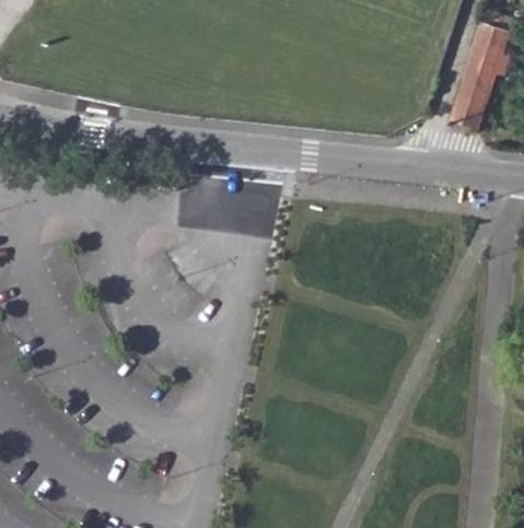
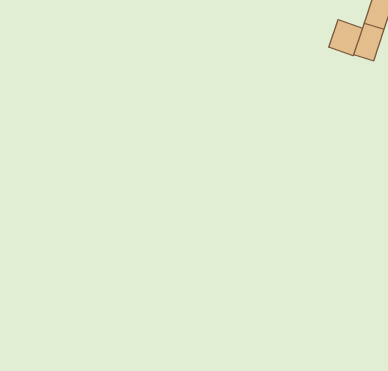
building: none -> [329,20,362,56]

